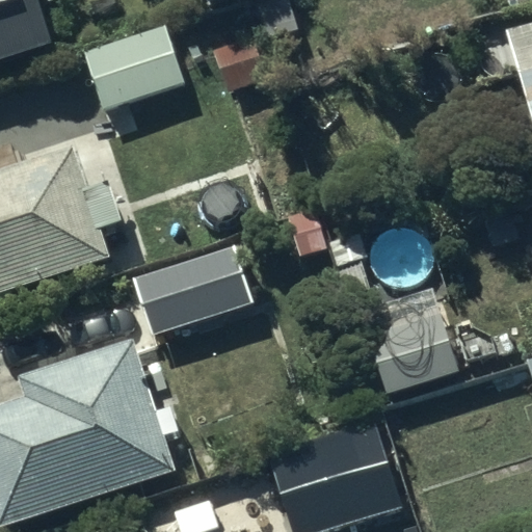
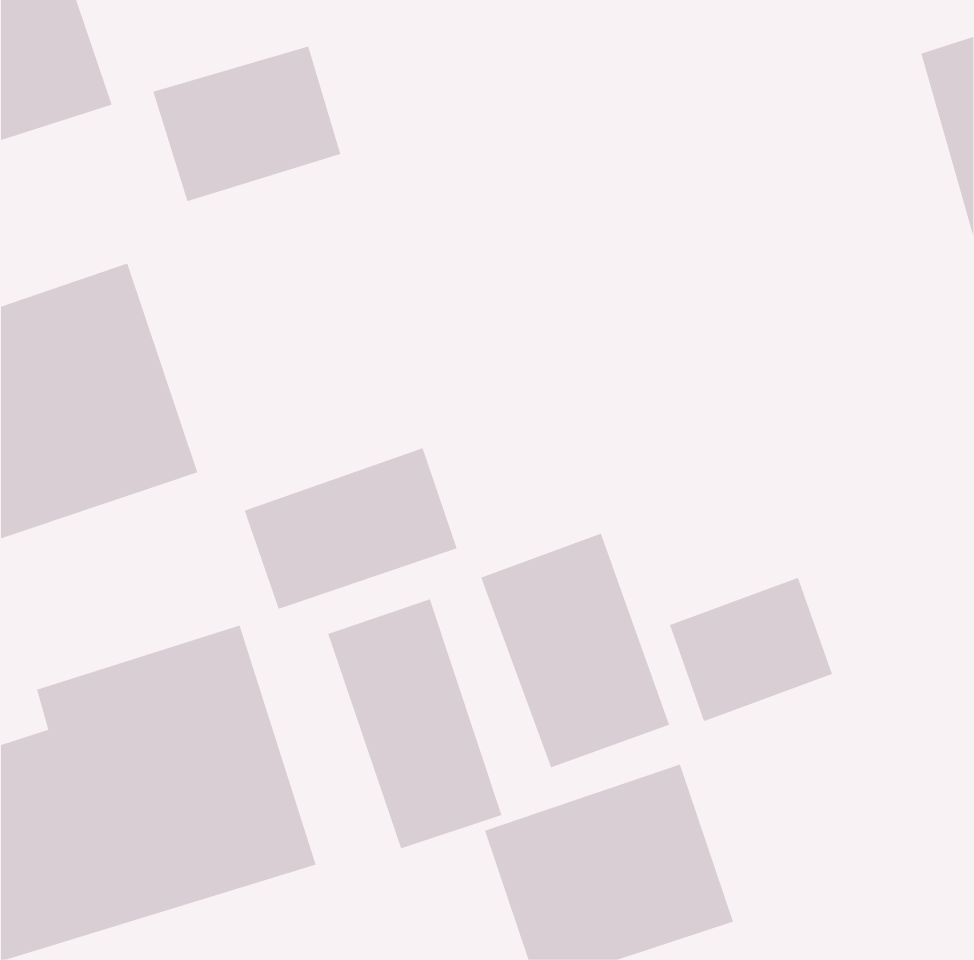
building: none -> [481,533,670,768]
building: none -> [327,598,502,849]

